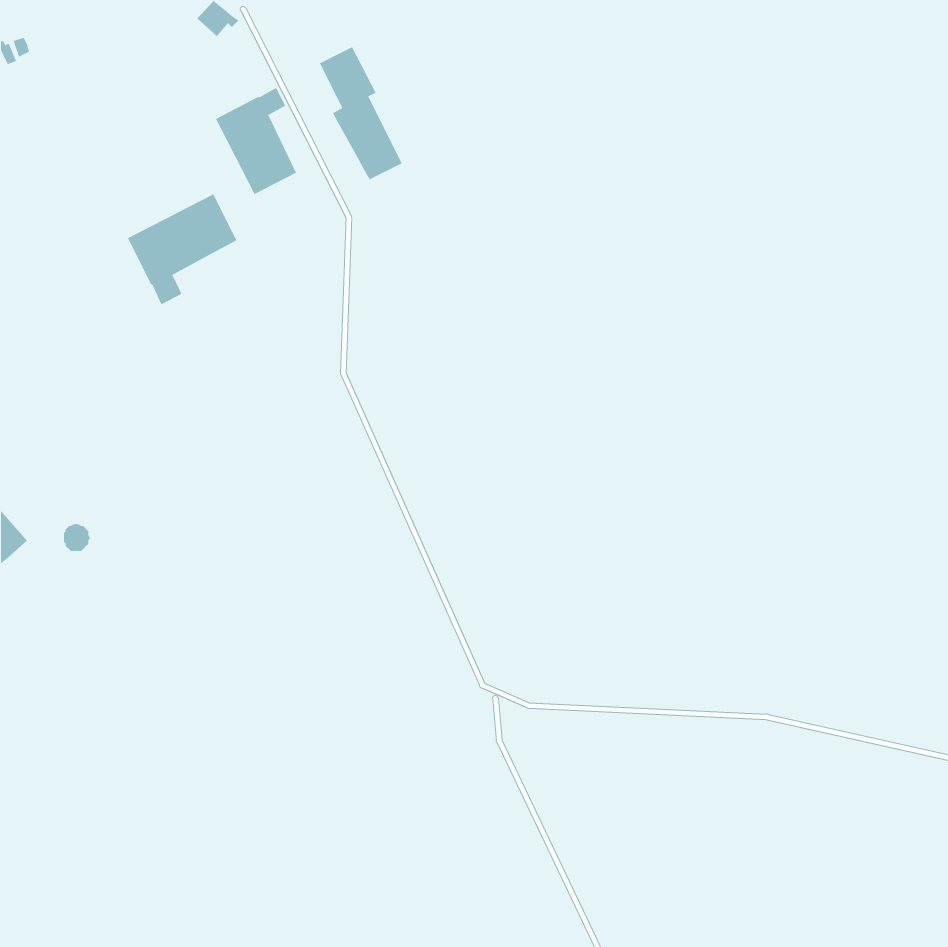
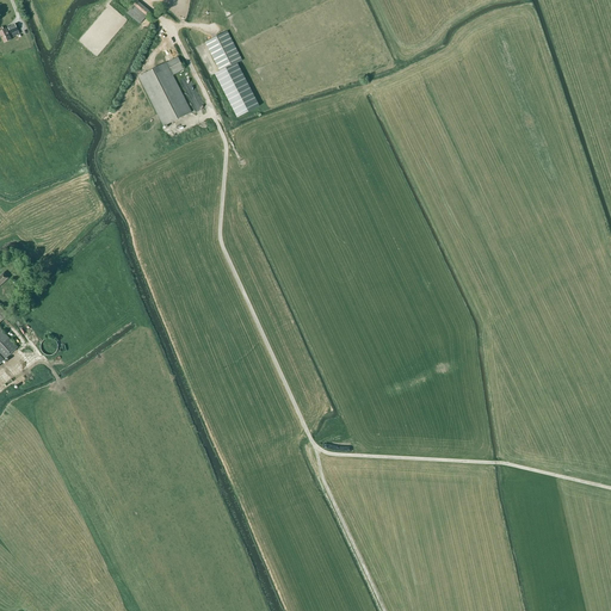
building: [127,194,237,305] -> none

